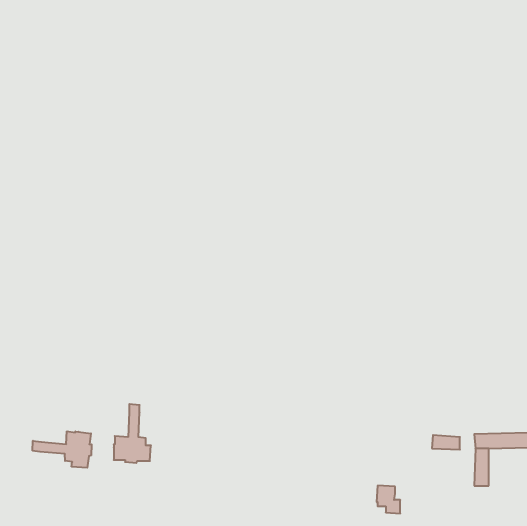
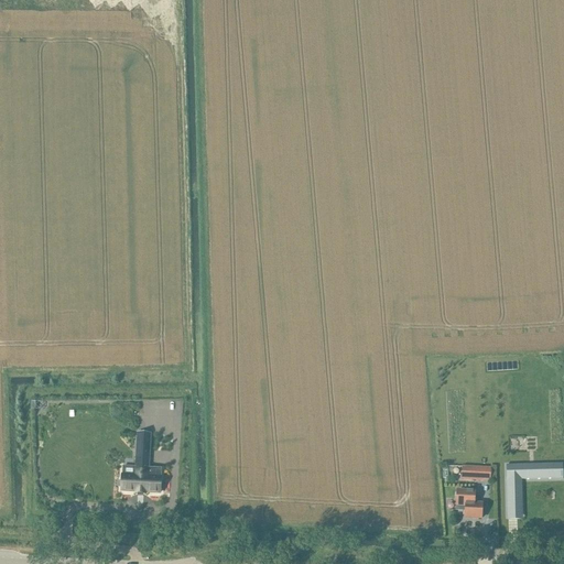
building: [33,431,92,468] -> none
building: [377,486,400,513] -> [456,487,481,517]

